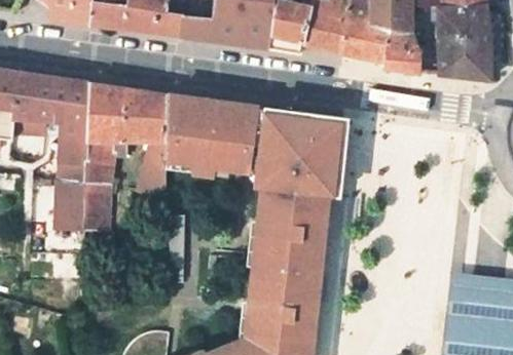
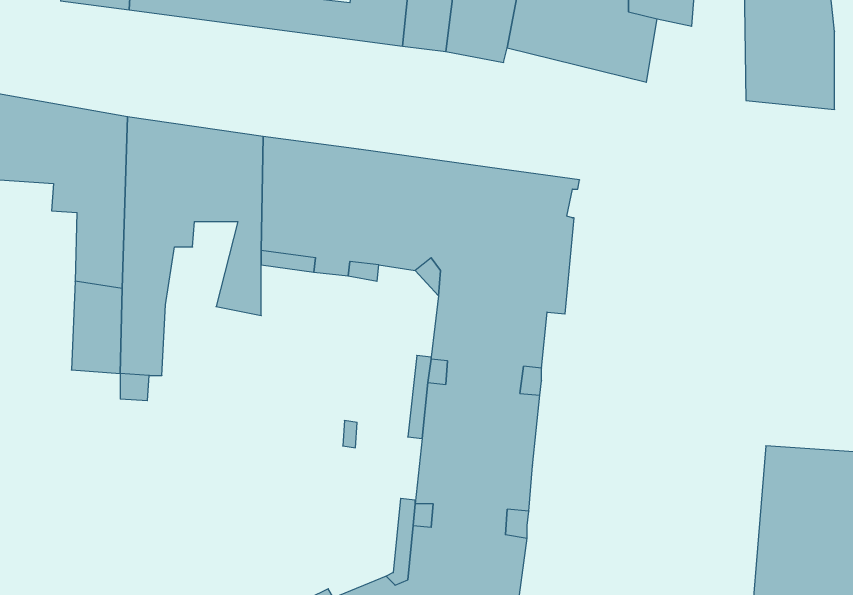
building: [382,28,420,71] -> none

